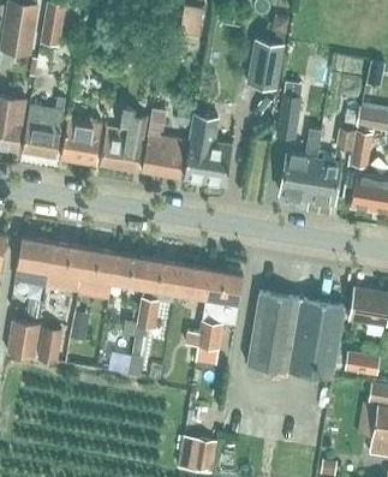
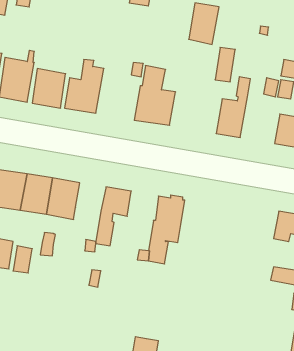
building: [142,111,185,179] -> none
building: [309,153,341,205] -> none
building: [113,255,149,288] -> none
building: [174,264,211,299] -> none
building: [246,293,345,381] -> none

